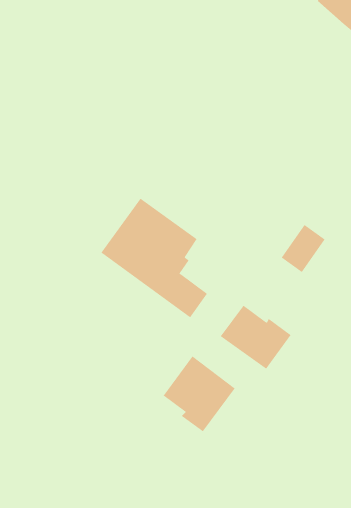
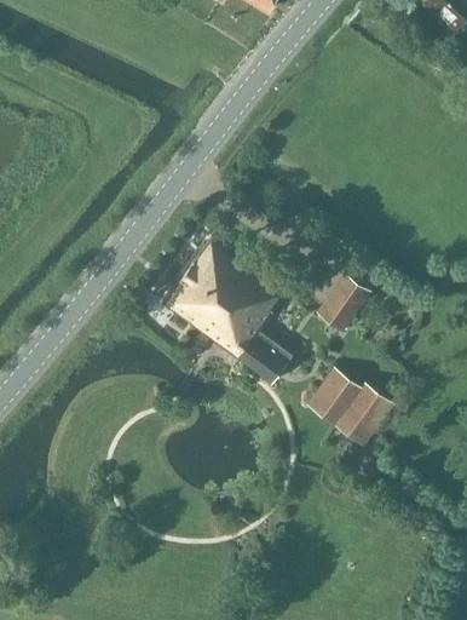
building: [281,224,325,273] -> [317,274,370,332]
building: [163,355,235,432] -> none

